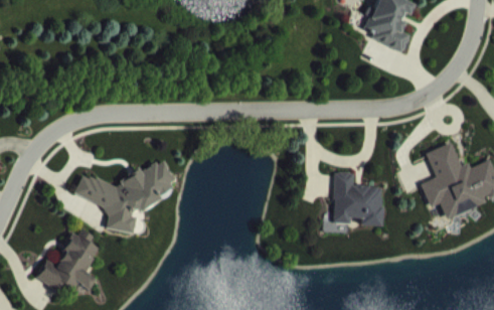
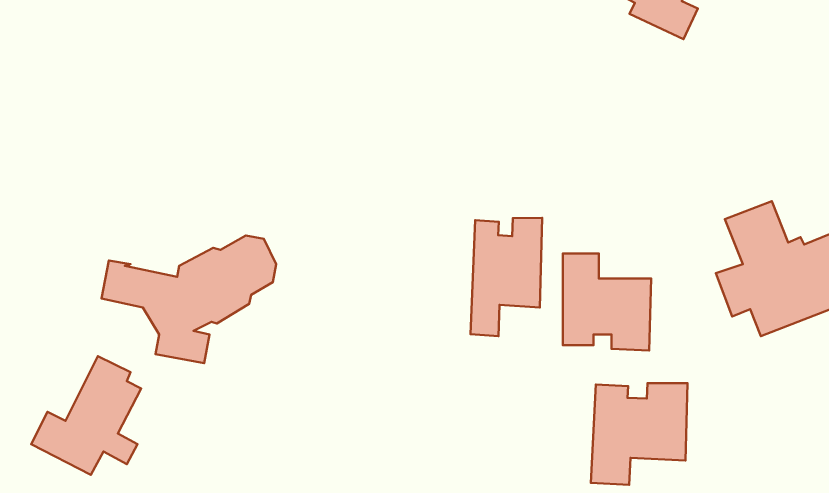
building: none -> [471,218,542,336]
building: none -> [591,383,688,485]

